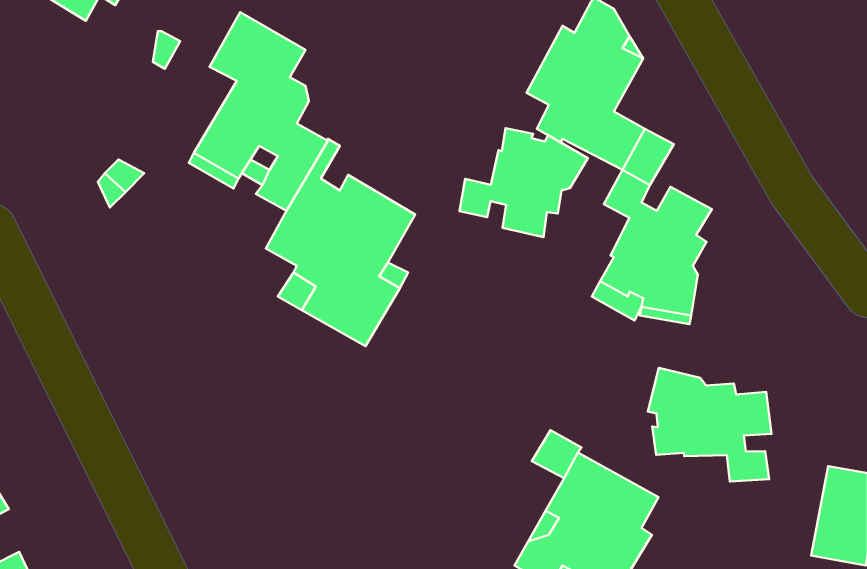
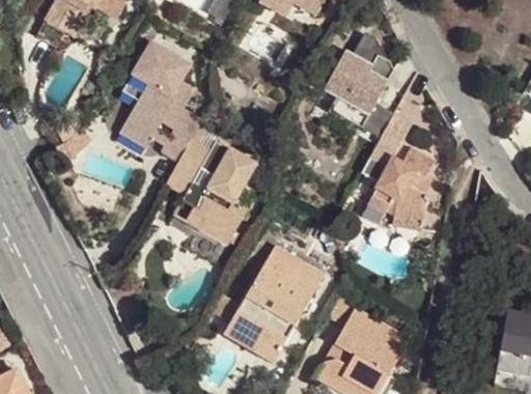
building: [460,128,588,237] -> none
building: none -> [223,244,325,362]
building: [648,368,771,481] -> none

